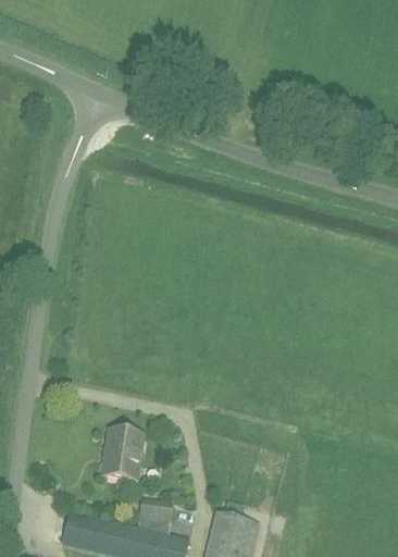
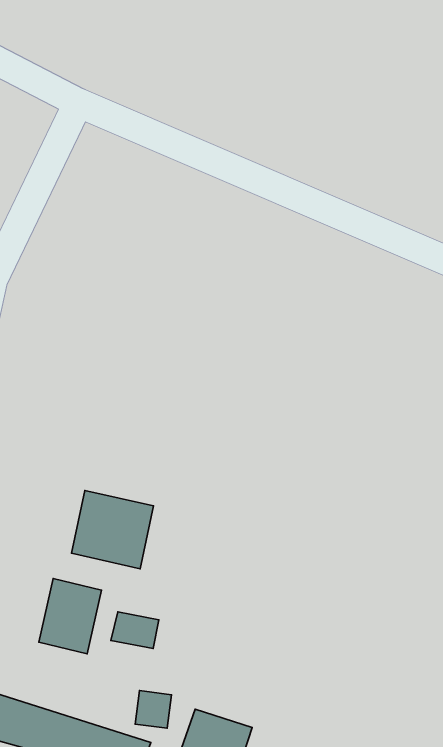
building: none -> [71,490,154,569]
building: [138,498,171,522] -> [111,612,159,649]

